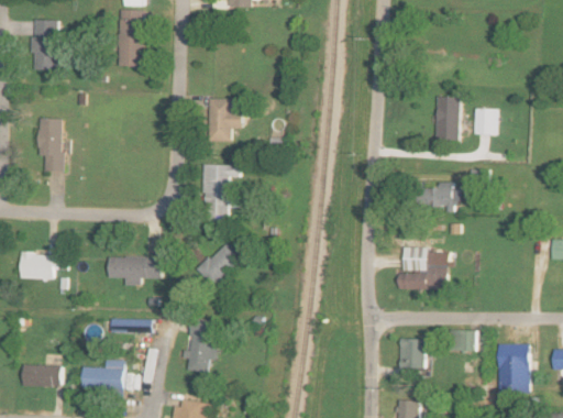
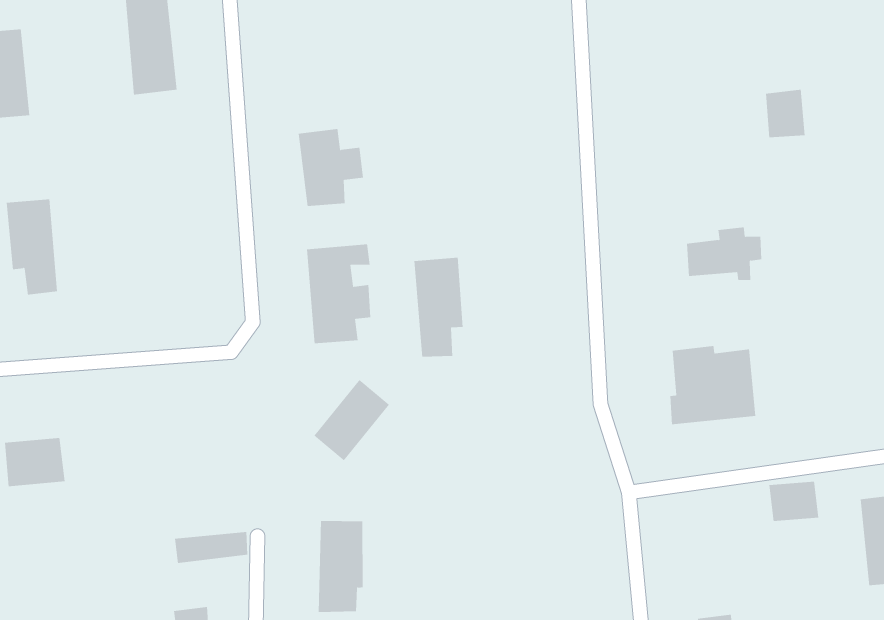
building: [435,96,459,140] -> none
building: none -> [414,257,463,358]
building: [107,256,161,285] -> none
building: [400,338,426,368] -> none

